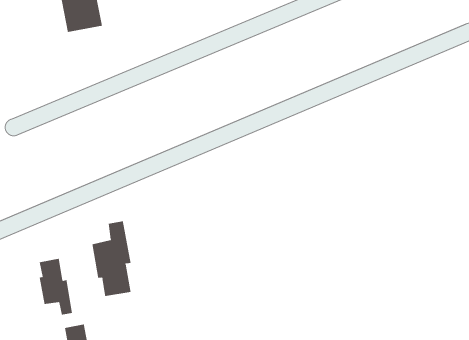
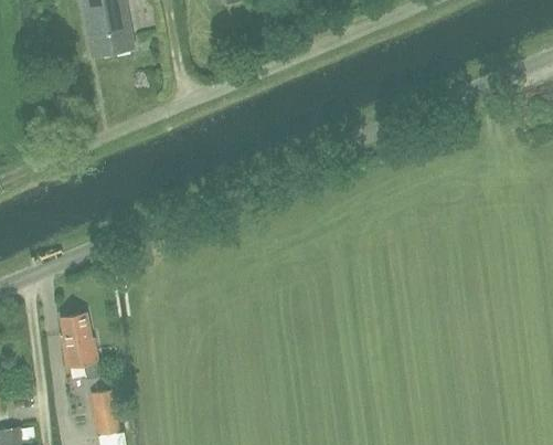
building: [92,220,131,297] -> none

